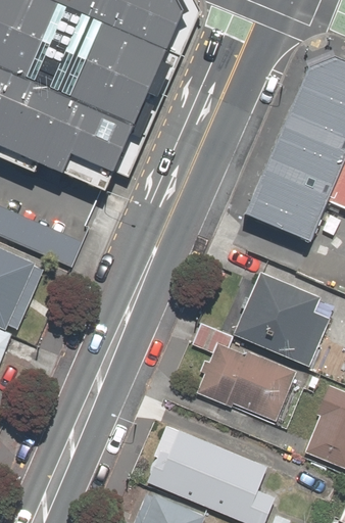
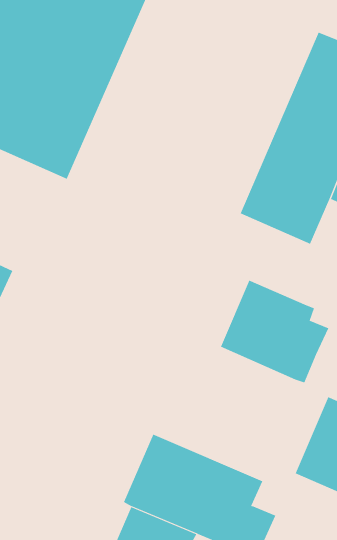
building: [190,324,302,427] -> none

